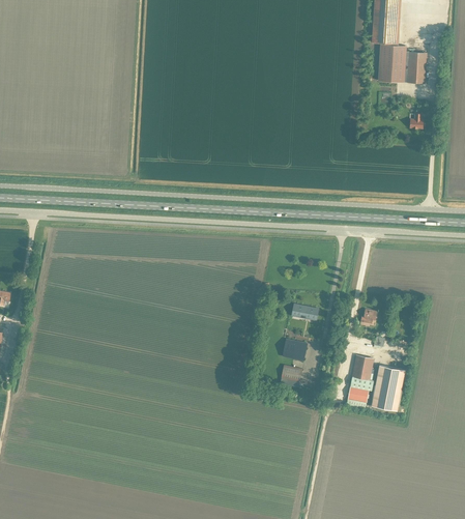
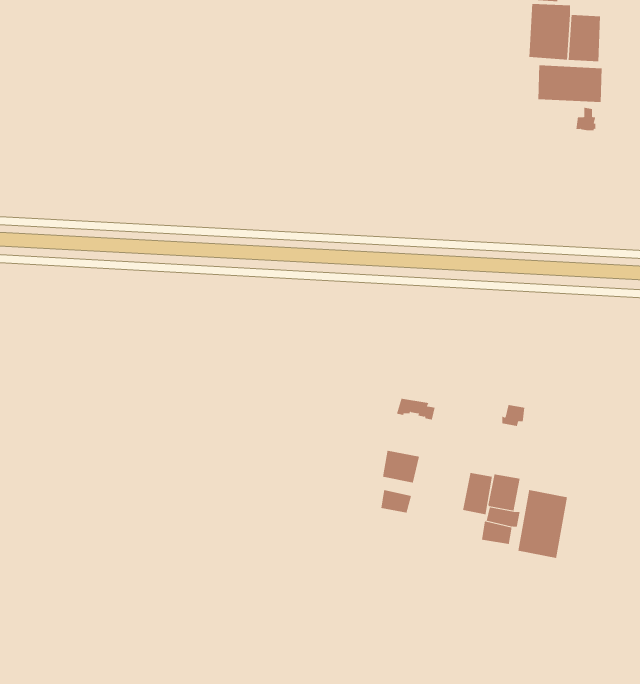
building: none -> [538,65,602,103]
building: none -> [462,472,492,515]

